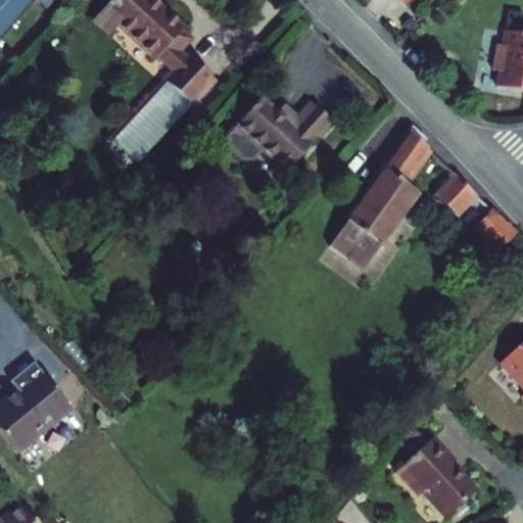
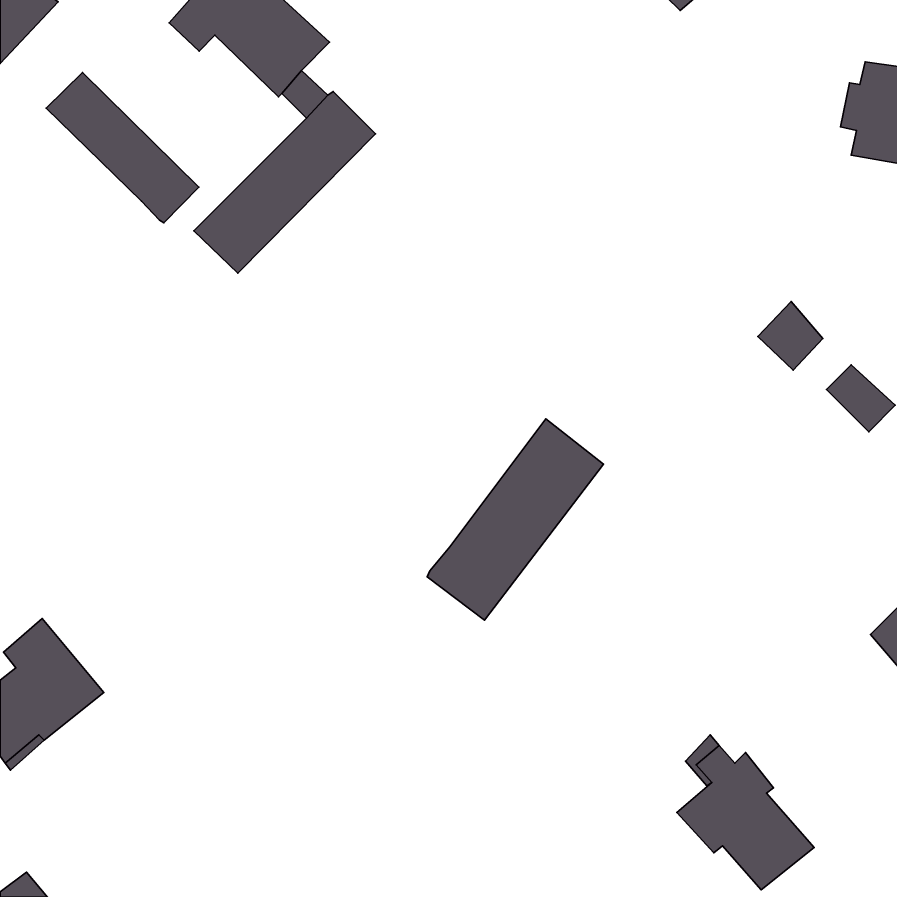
building: none -> [46,72,199,223]
building: [234,100,336,173] -> none
building: [329,134,430,267] -> none
building: none -> [427,419,604,620]

